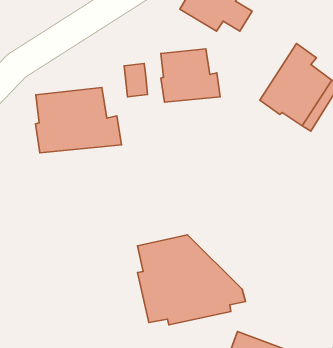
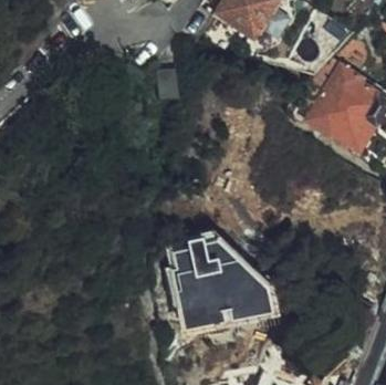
building: [161,49,220,102] -> none
building: [35,88,121,153] -> none

